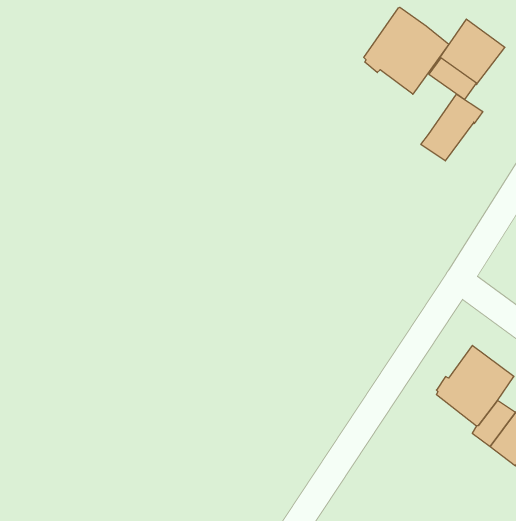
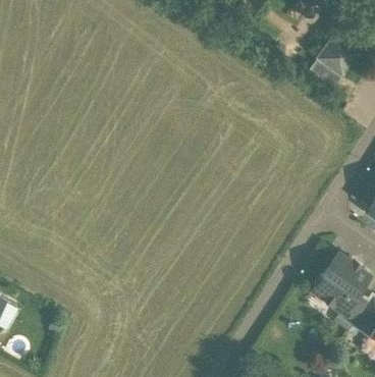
building: [364,7,449,94] -> none
building: [421,94,483,161] -> none

